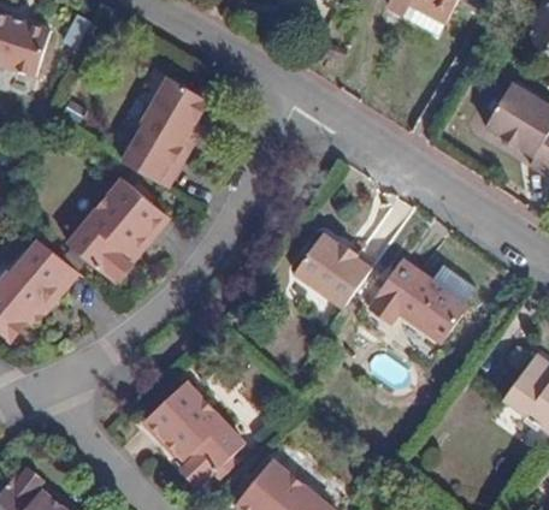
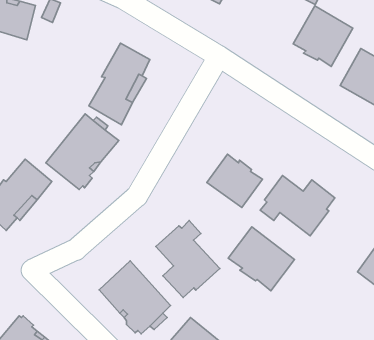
building: none -> [293,6,353,66]
building: none -> [156,220,220,298]
building: none -> [228,227,294,291]

